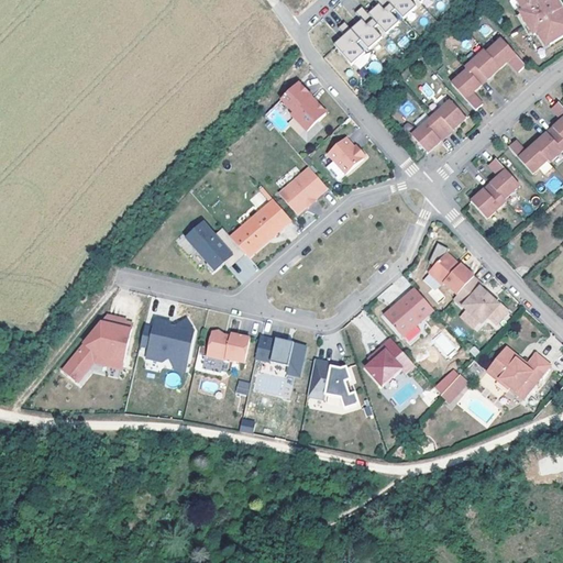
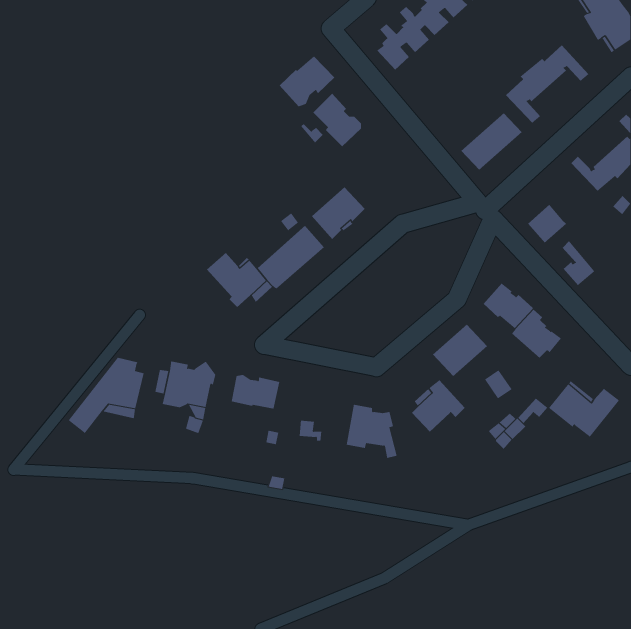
building: none -> [279,55,335,107]
building: [324,134,364,172] -> none
building: [488,156,518,197] -> [562,240,595,286]
building: [254,338,306,379] -> none

